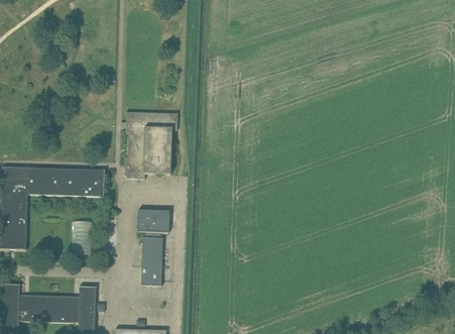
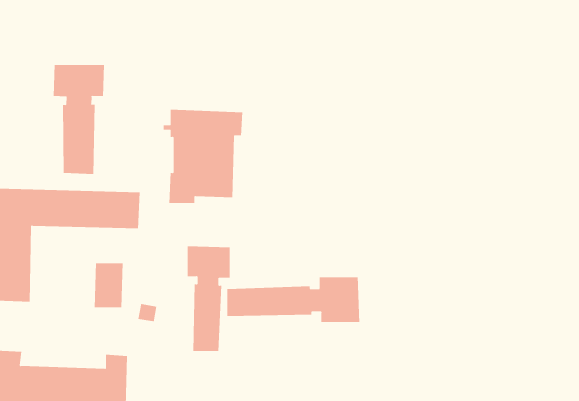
building: none -> [53,64,105,175]
building: none -> [227,276,360,323]

